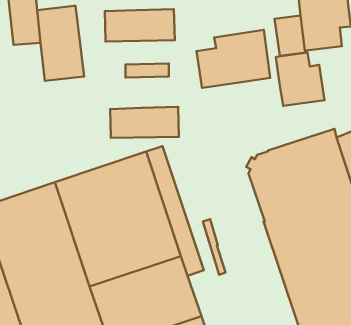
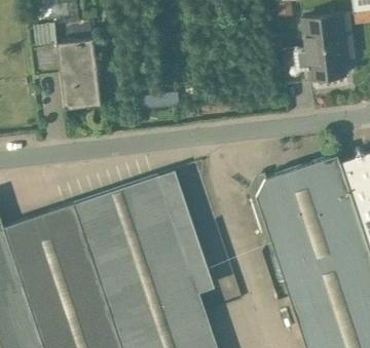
building: [105,9,175,41] -> none
building: [197,30,270,88] -> none
building: [276,52,324,106] -> none
building: [110,107,179,138] -> none

